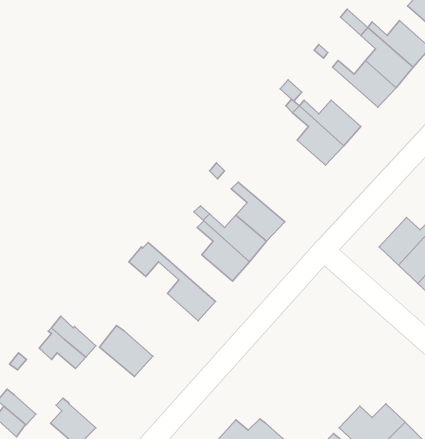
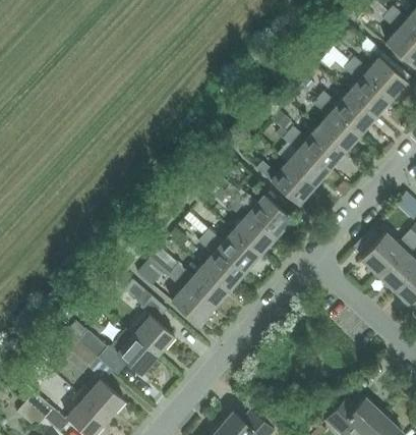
building: none -> [314,99,360,152]
building: none -> [257,163,313,205]
building: none -> [235,196,292,237]
building: none -> [173,266,230,309]
building: none -> [123,280,175,358]
building: none -> [78,380,124,422]

